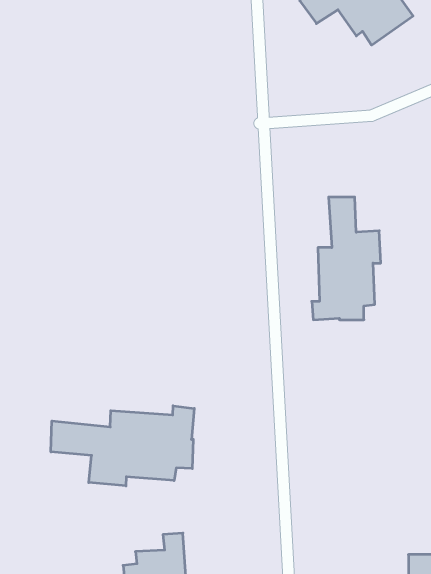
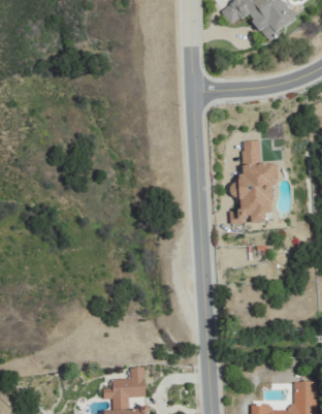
building: [51,406,194,486] -> none

